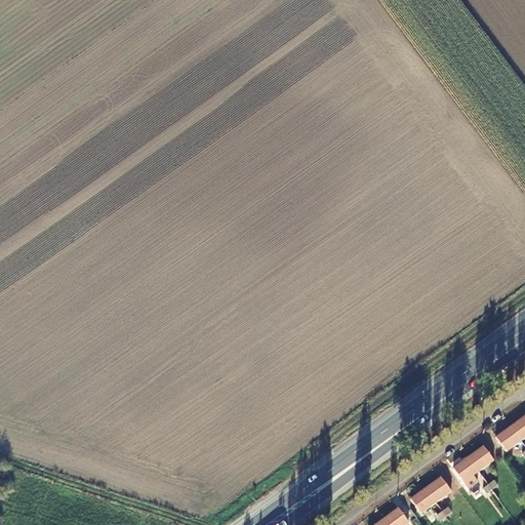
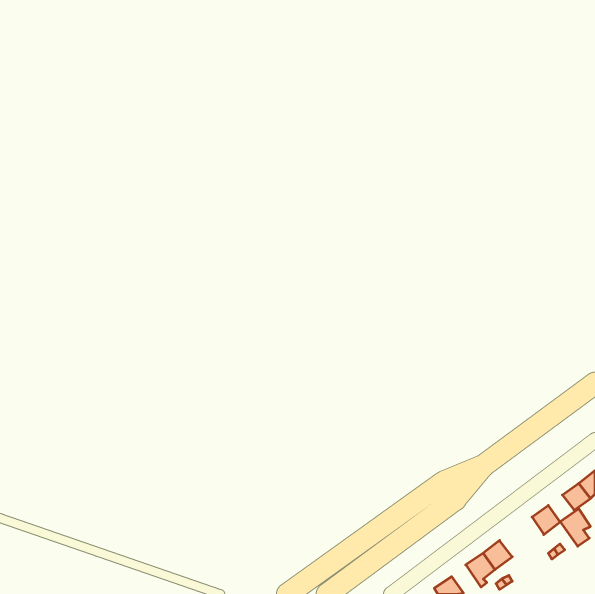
building: [452,455,479,488] -> [560,509,590,546]

